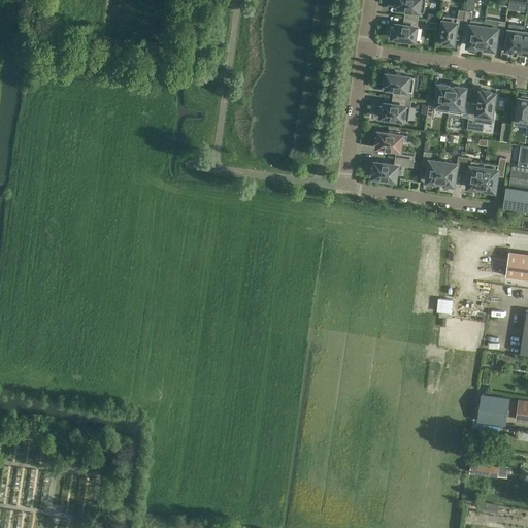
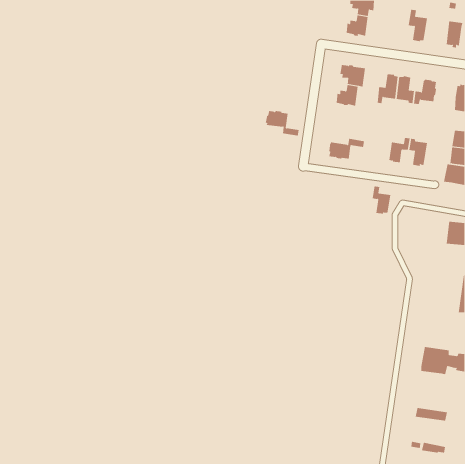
building: [439,10,465,44] -> none
building: [481,20,505,51] -> none
building: [375,132,415,161] -> [265,111,299,136]
building: [422,152,443,184] -> [372,186,391,214]
building: [481,158,506,192] -> none

